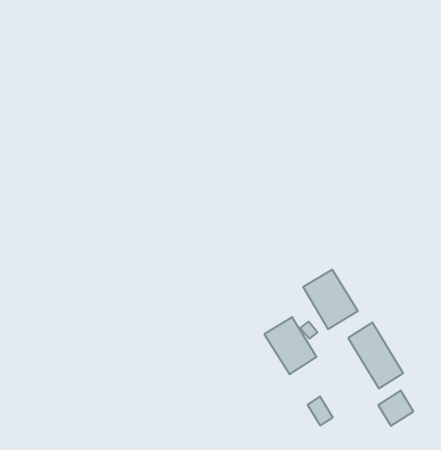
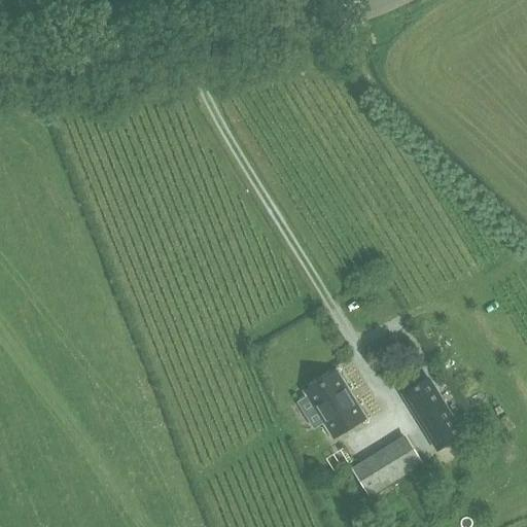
building: [303,270,358,329] -> none
building: [378,391,413,426] -> [380,437,420,478]

